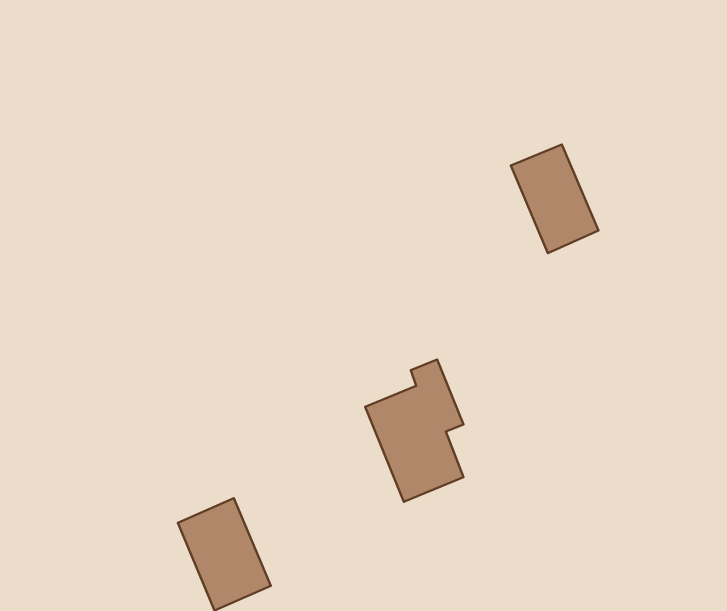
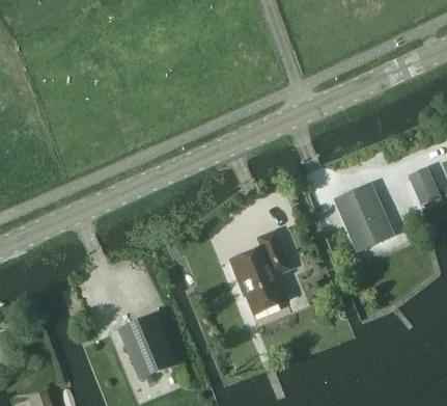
building: [511,145,599,253] -> [338,188,390,252]
building: none -> [408,165,440,205]

